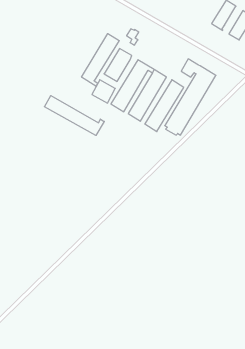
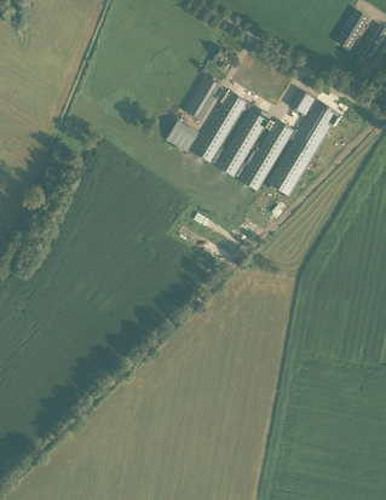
building: [82,34,119,86] -> none
building: [44,96,104,135] -> none

